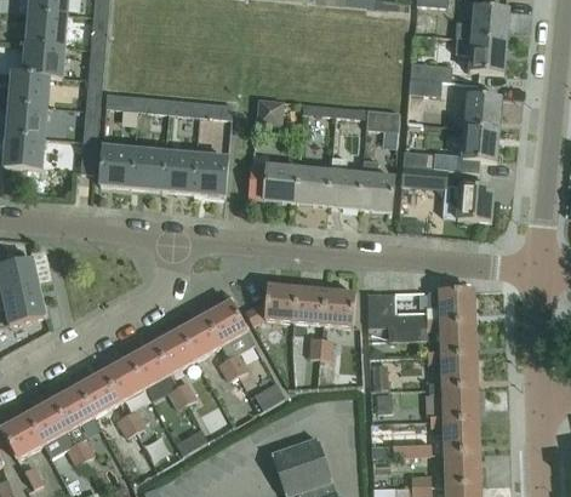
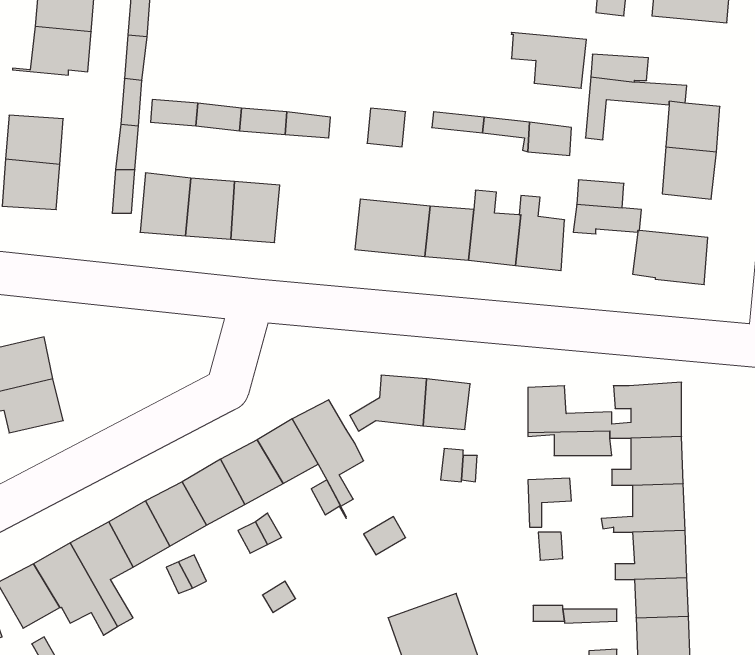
building: [453,35,506,74] -> [511,32,586,88]
building: [7,73,48,107] -> none
building: [192,153,227,196] -> none
building: [324,291,354,325] -> none

